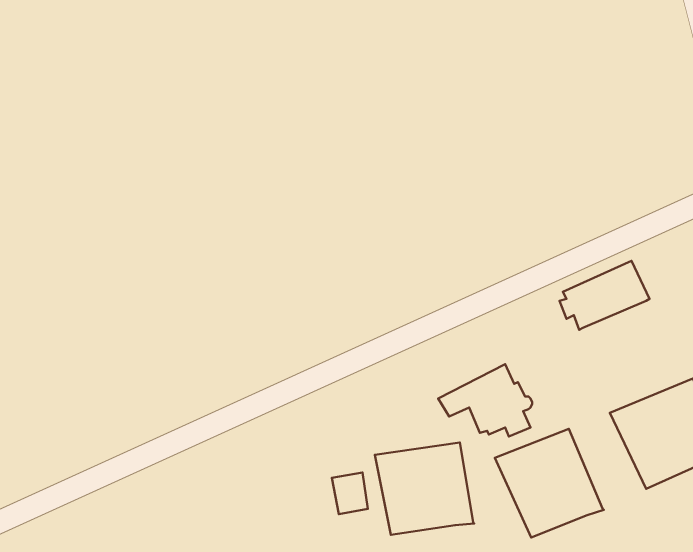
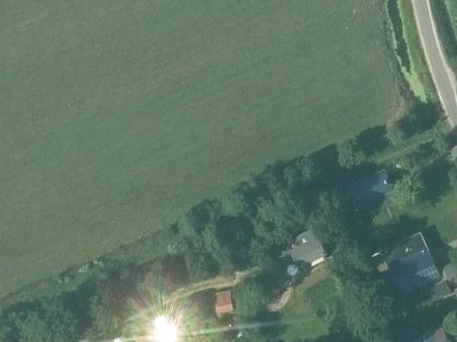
building: [495,429,604,538] -> none
building: [375,443,474,535] -> none

